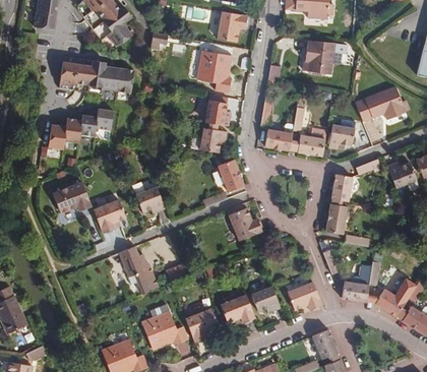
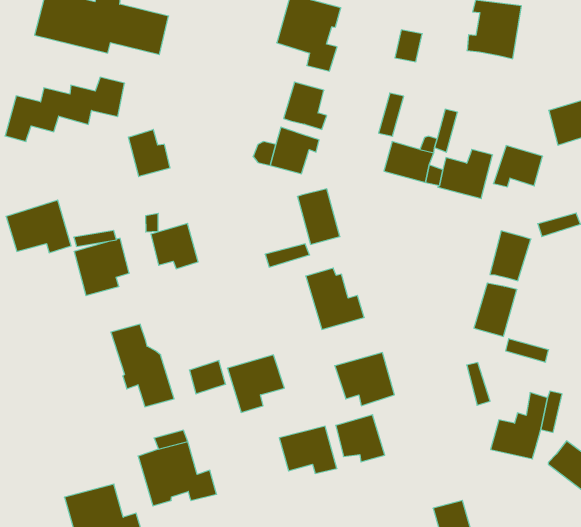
building: none -> [128,129,170,177]
building: [287,281,322,312] -> [335,353,394,406]
building: [185,307,219,342] -> [227,355,284,412]

